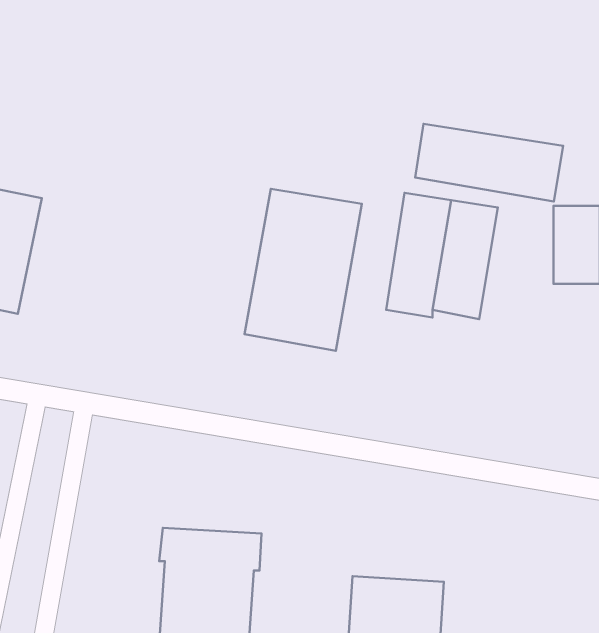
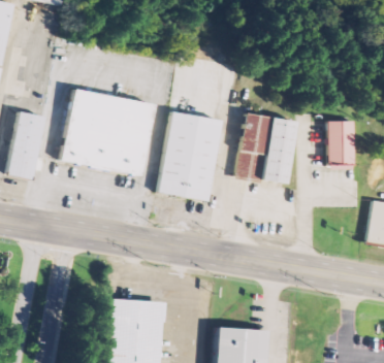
building: [415,124,563,202] -> none
building: none -> [62,89,155,174]

